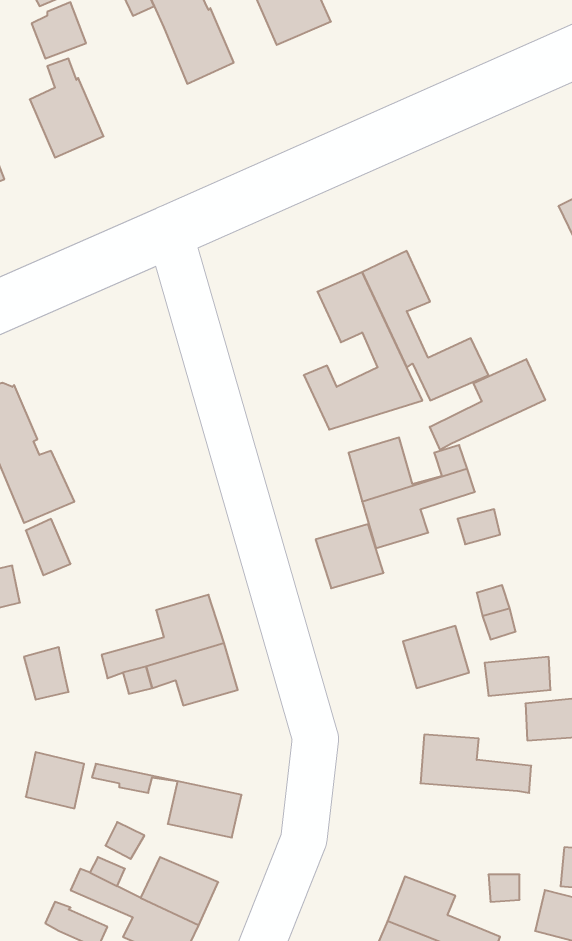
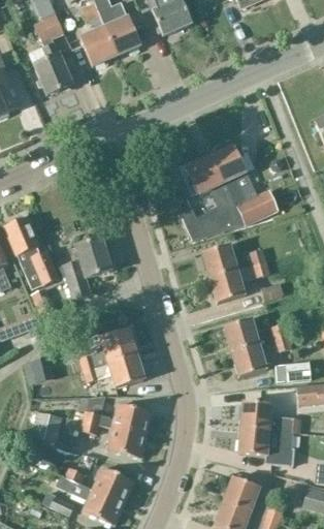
building: none -> [79,26,117,66]
building: [430,359,545,450] -> none
building: none -> [61,235,110,298]
building: [316,524,384,588] -> [223,318,259,352]
building: none -> [77,404,150,434]
building: none -> [238,428,293,465]

